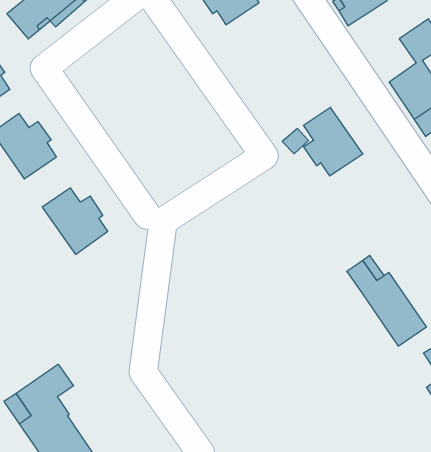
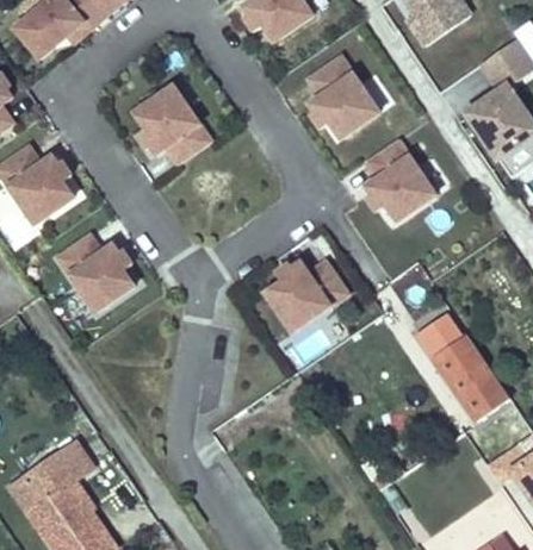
building: none -> [308,55,379,138]
building: none -> [135,85,211,163]
building: none -> [266,260,348,331]

